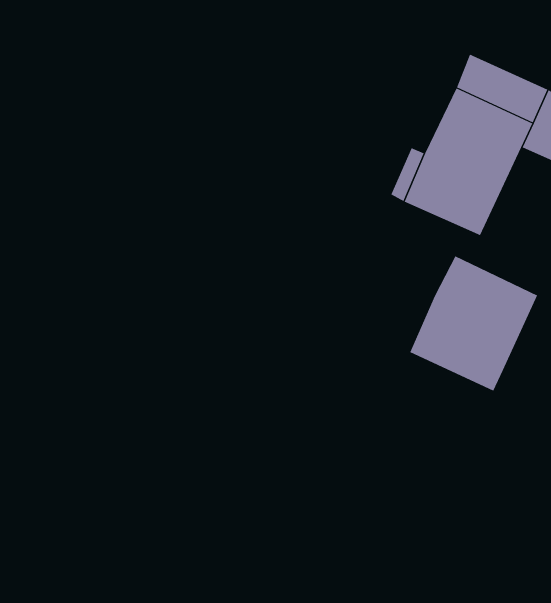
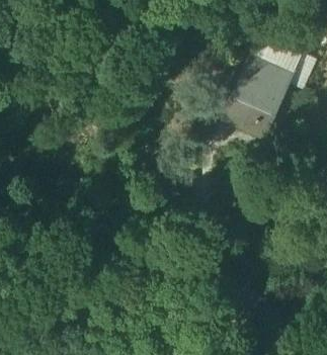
building: [410,255,538,392] -> none

